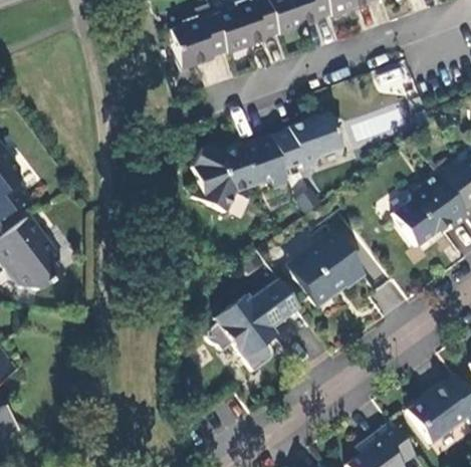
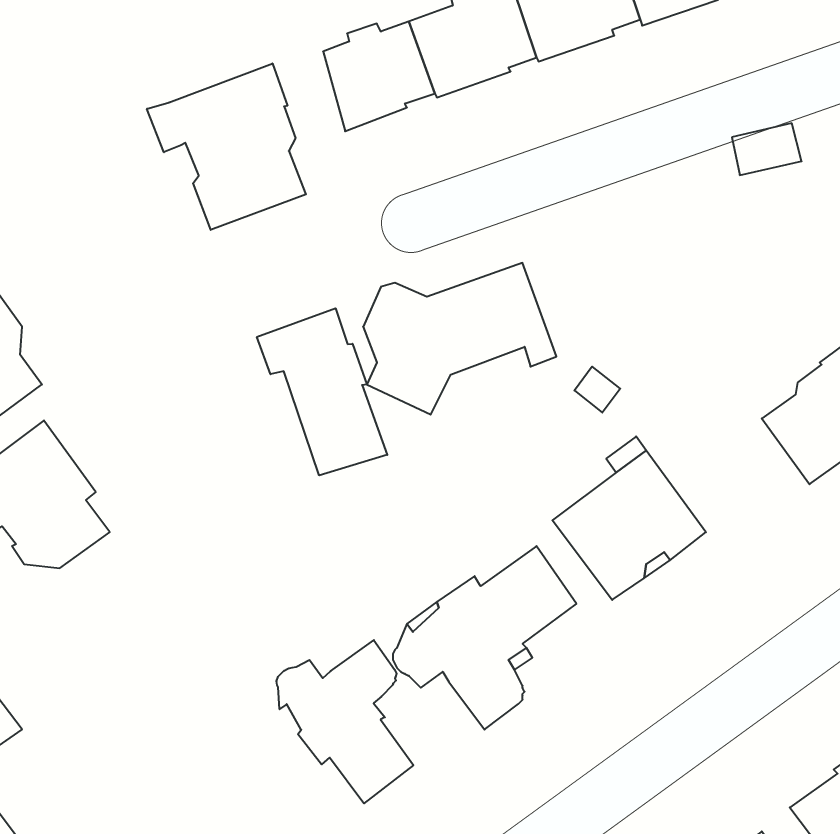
building: none -> [147,63,306,230]
building: [272,111,344,169] -> none
building: none -> [257,308,387,475]
building: none -> [277,640,413,803]

